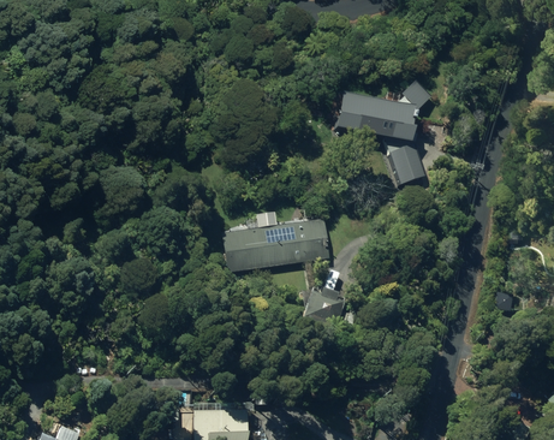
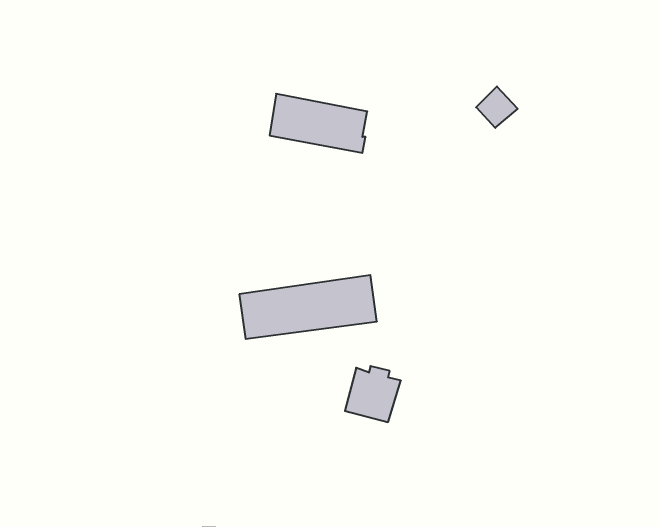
building: [340,95,413,139] -> [270,94,367,153]
building: [392,144,425,183] -> none

